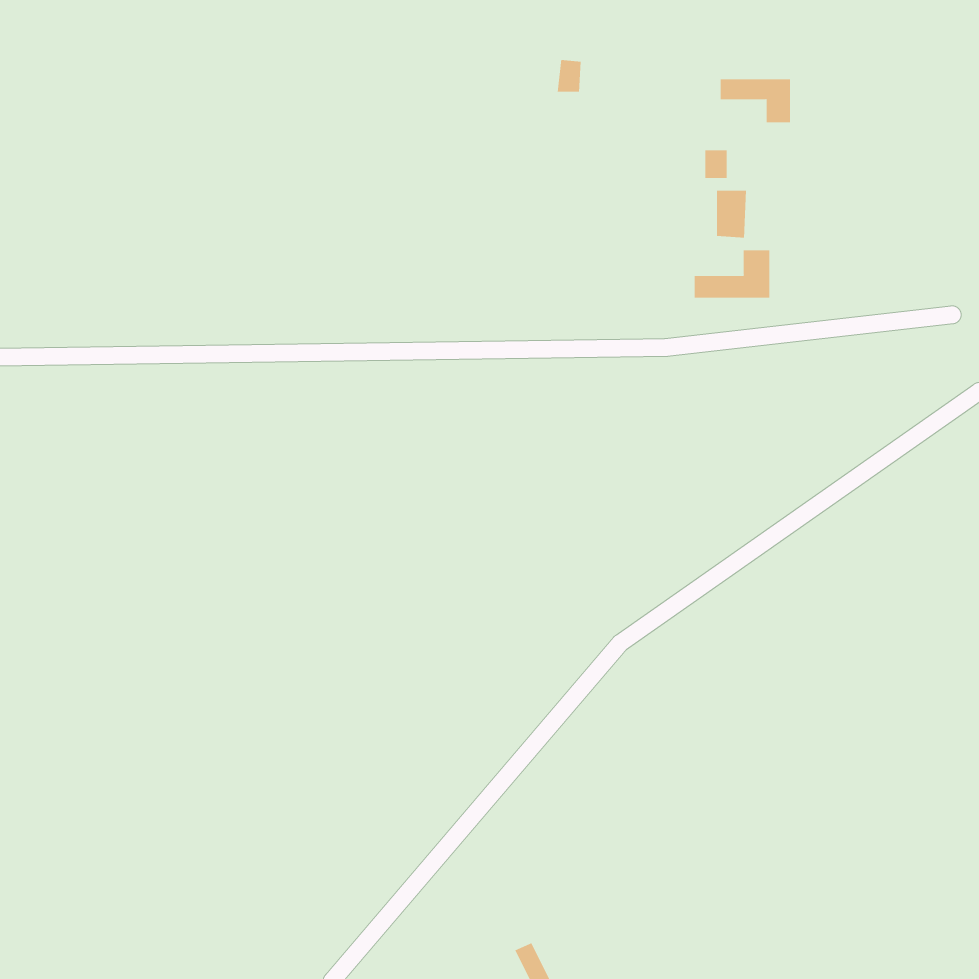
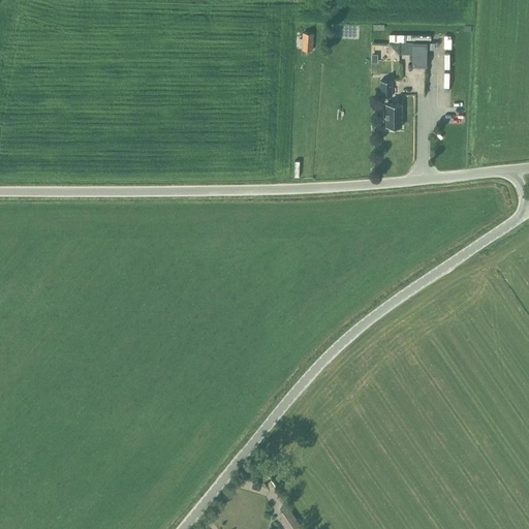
building: [694,249,770,299] -> none

